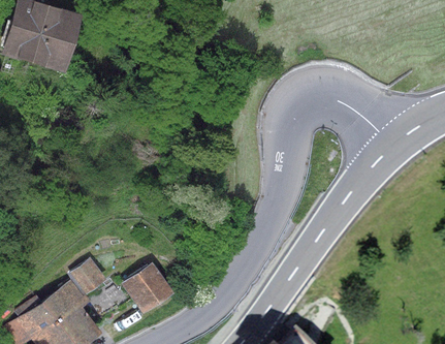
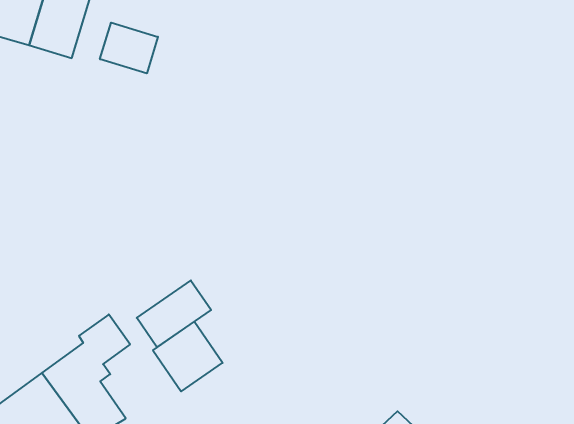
building: none -> [100,23,158,73]
building: none -> [137,280,211,347]

